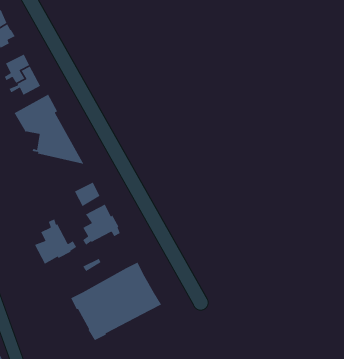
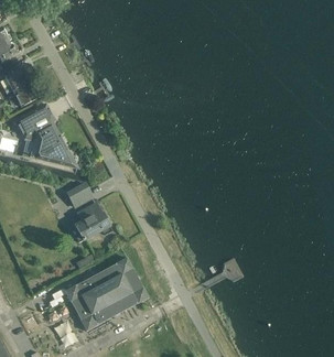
building: [34,218,77,265] -> none

